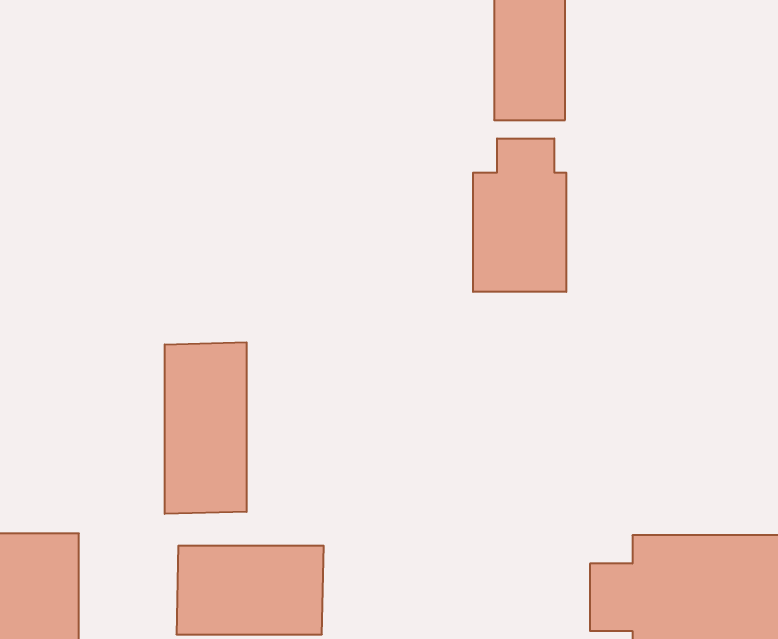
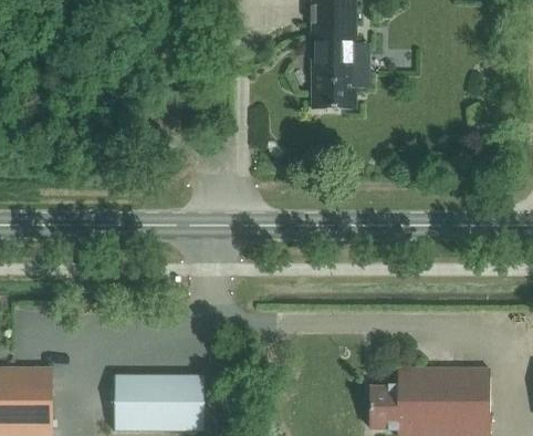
building: [473,138,566,292] -> none
building: [165,342,247,514] -> none

